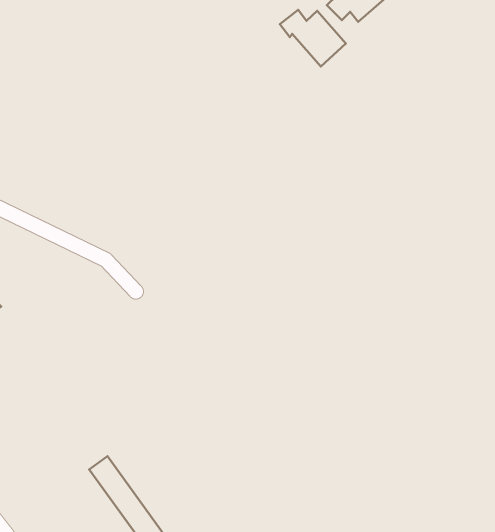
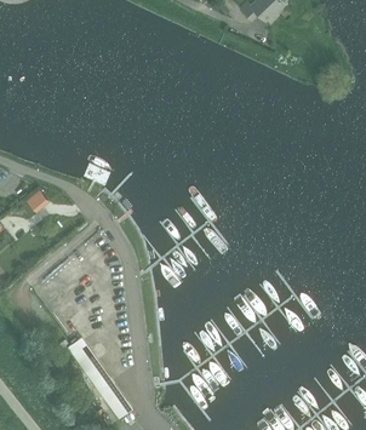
building: [280,10,346,66] -> none

